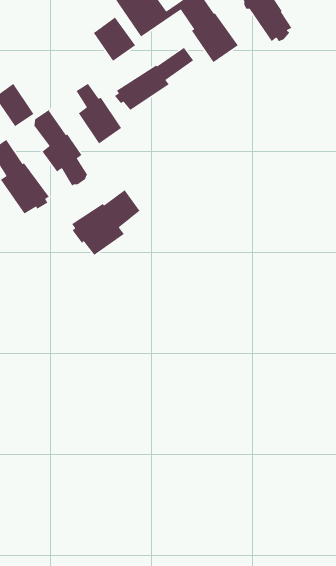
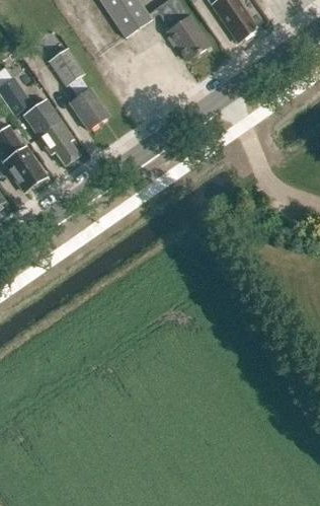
building: [93,17,136,62] -> [47,45,84,84]
building: [114,47,194,111] -> none
building: [71,189,141,256] -> none

